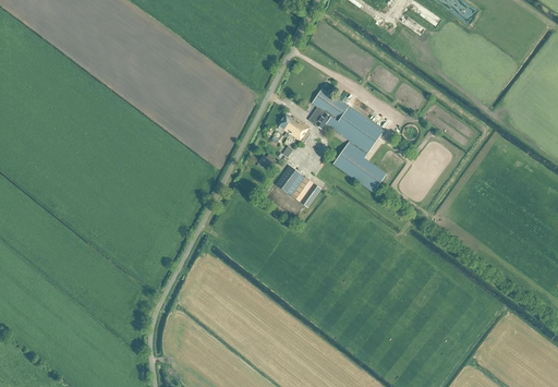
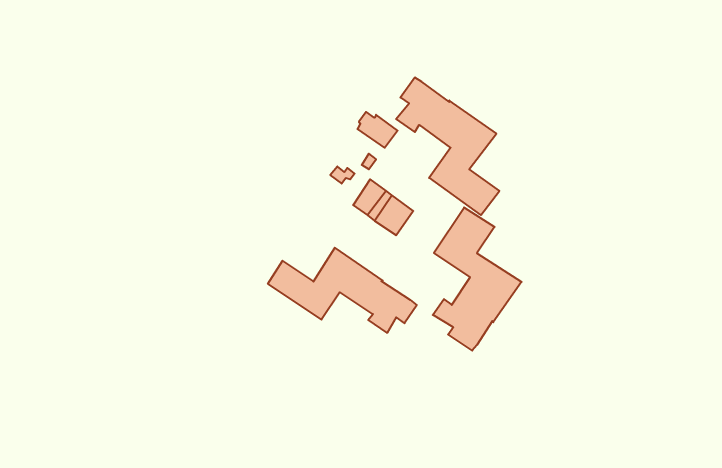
building: none -> [433,207,522,351]
building: none -> [268,248,417,333]

